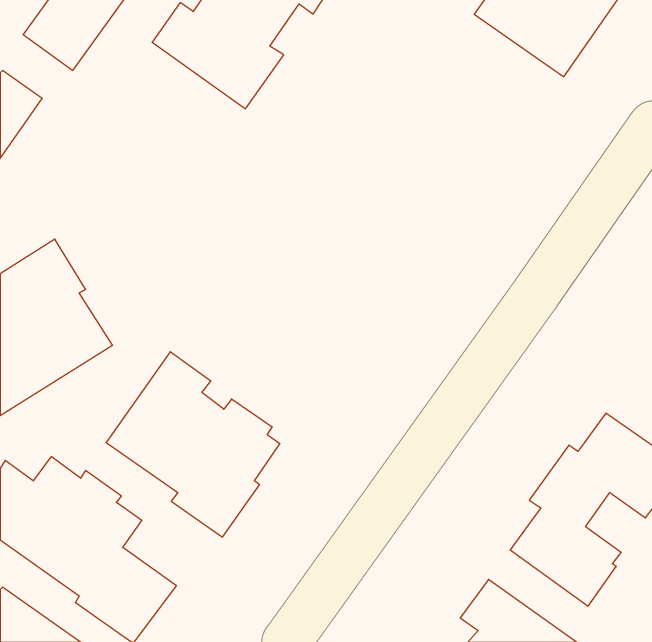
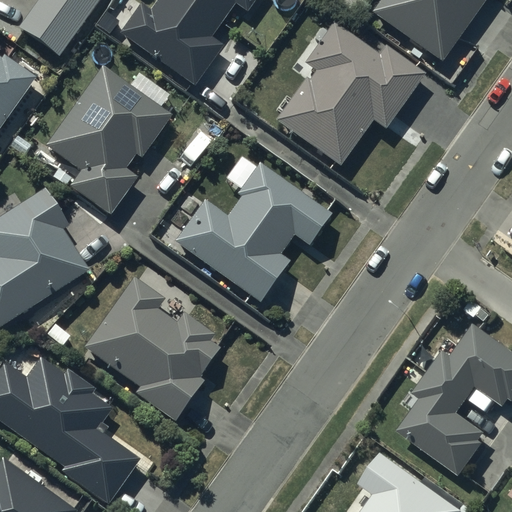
building: none -> [276,21,425,166]
building: none -> [45,66,171,215]
building: none -> [173,163,330,302]

